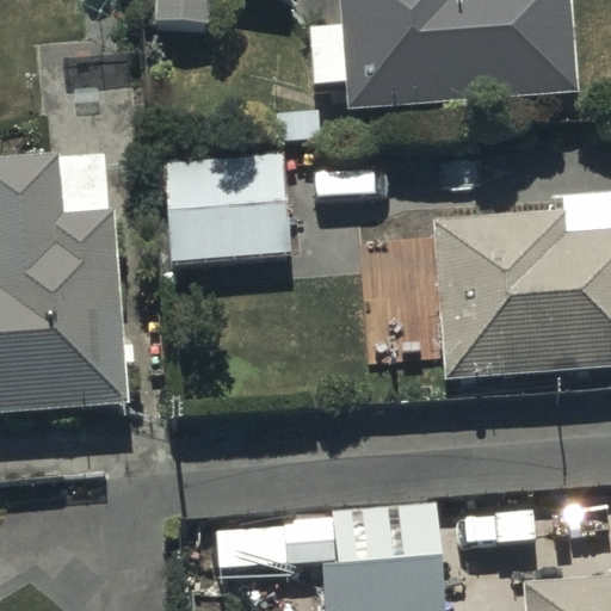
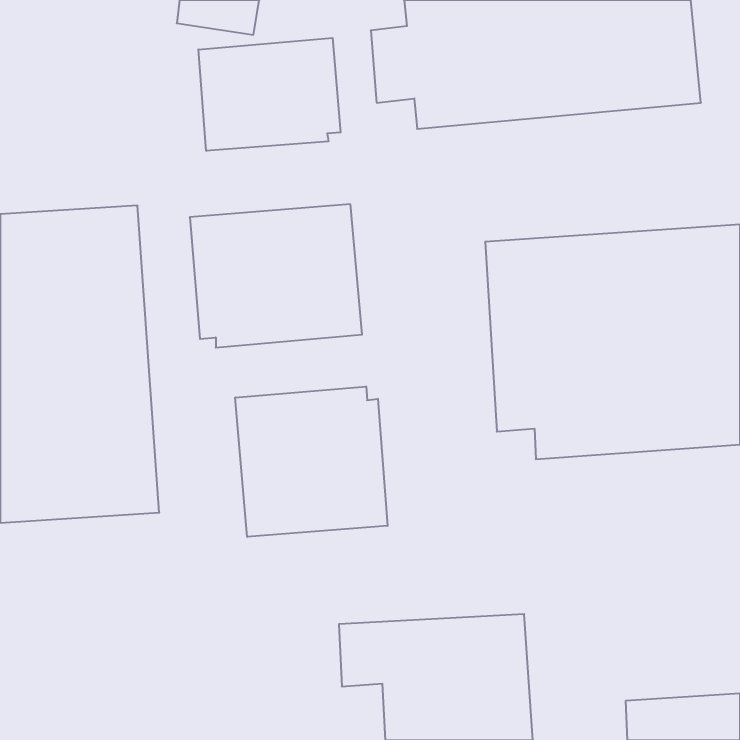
building: none -> [198,38,340,151]
building: none -> [235,386,388,537]

